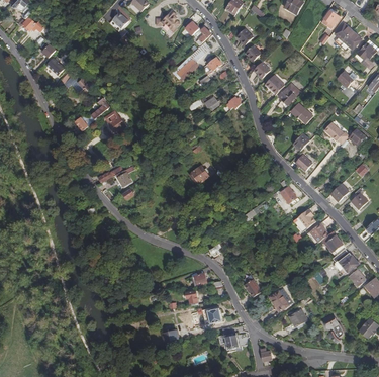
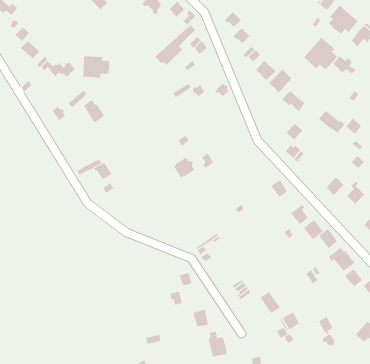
building: none -> [304,37,338,70]
building: none -> [83,56,110,79]

